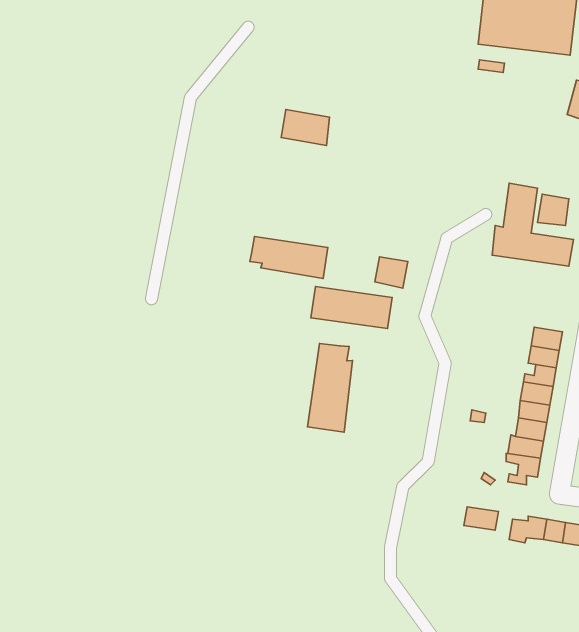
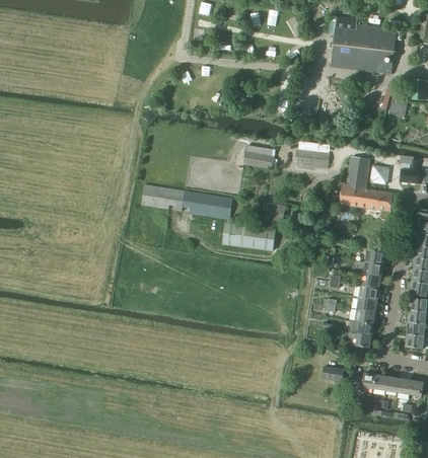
building: [281,110,329,145] -> [243,145,275,168]
building: none -> [296,150,329,168]
building: none -> [142,185,186,211]
building: [307,343,353,432] -> none

